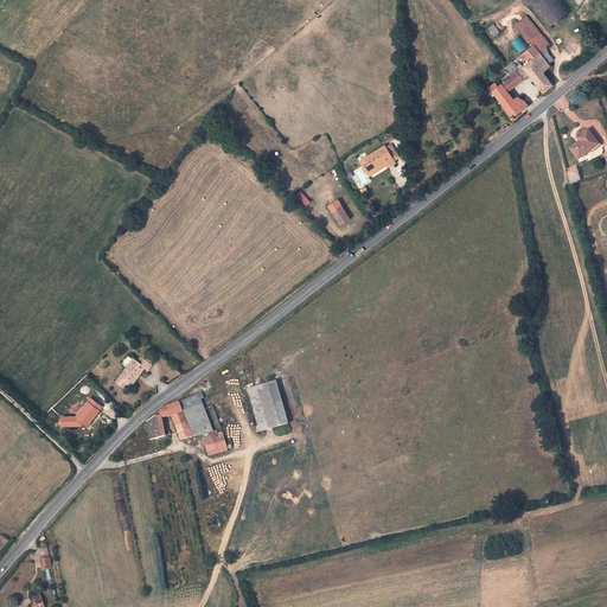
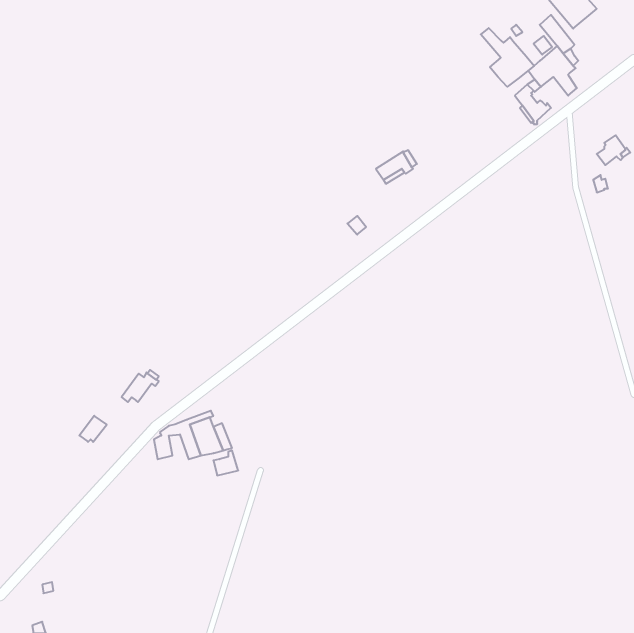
building: none -> [481,28,534,87]
building: [248,381,288,430] -> none

